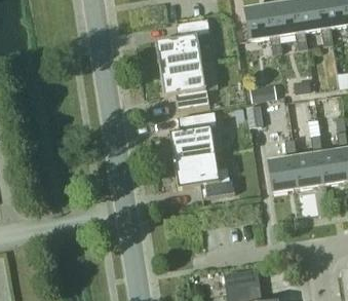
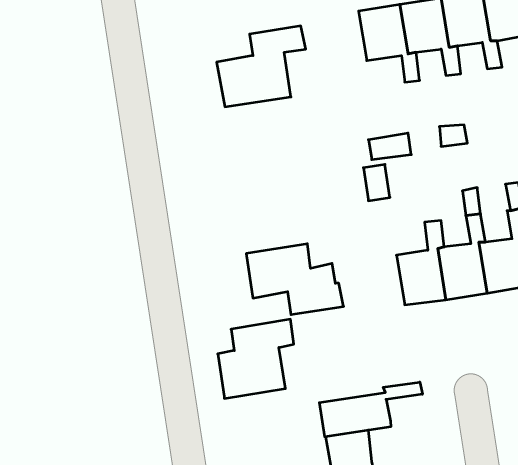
building: [161,63,210,109] -> none
building: [170,111,218,160] -> [218,319,294,398]
building: none -> [319,382,422,437]

